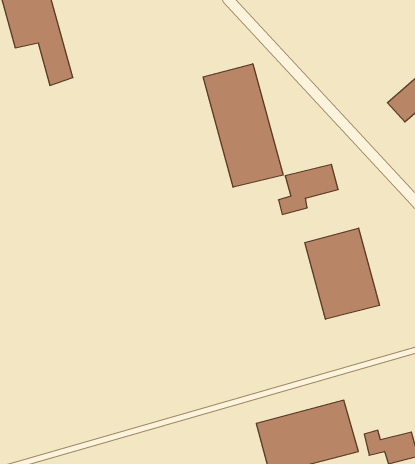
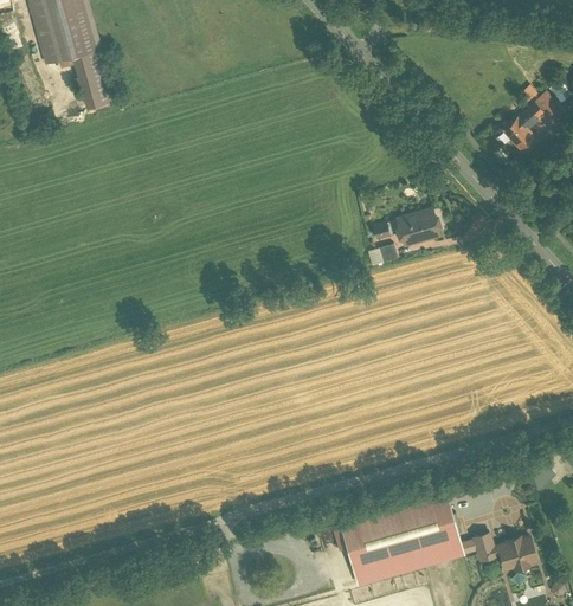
building: [203,64,283,187] -> none
building: [305,228,380,319] -> none

